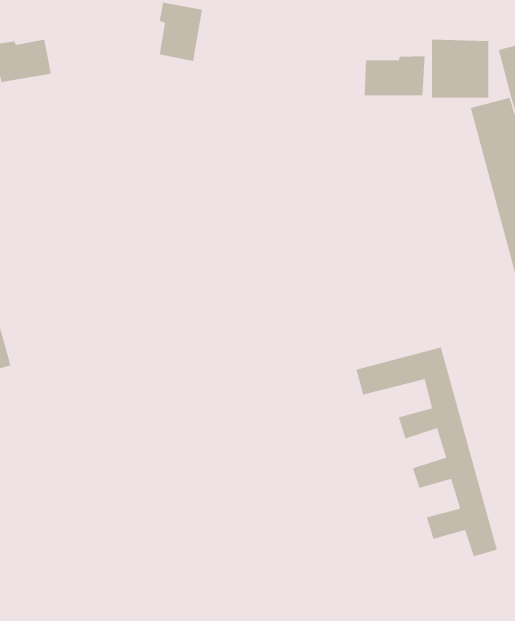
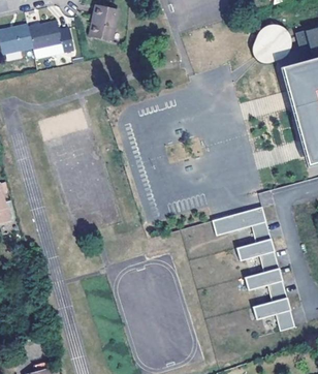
building: none -> [28,18,73,49]
building: [364,56,426,96] -> none

